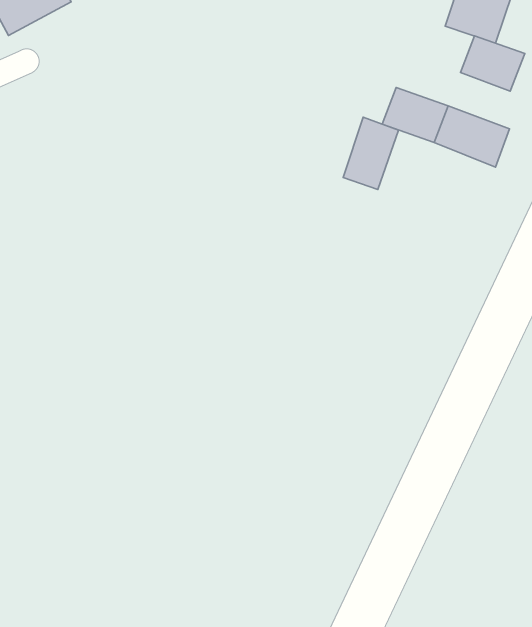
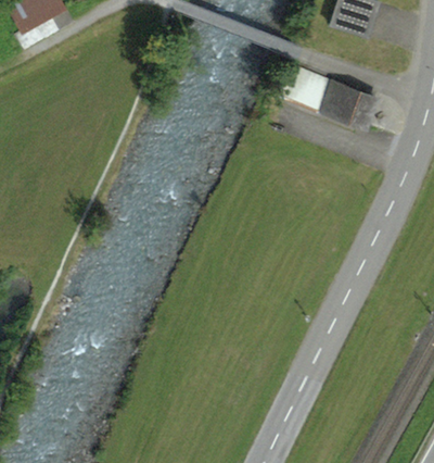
building: [461,36,525,91] -> none
building: [343,117,399,190] -> none

